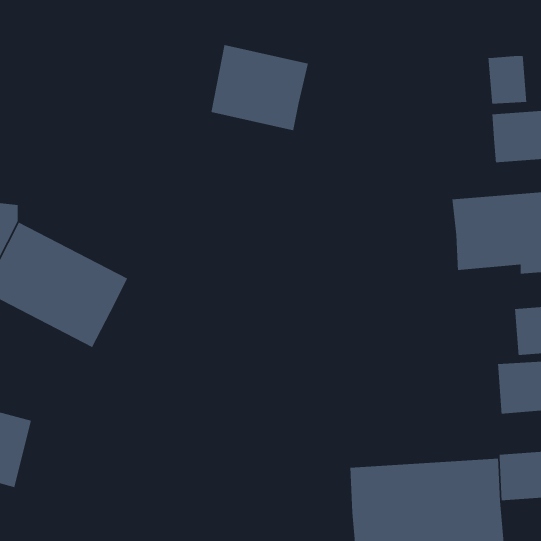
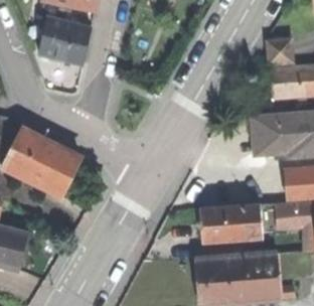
building: [211,44,309,131] -> [39,17,92,63]
building: none -> [203,204,263,242]

